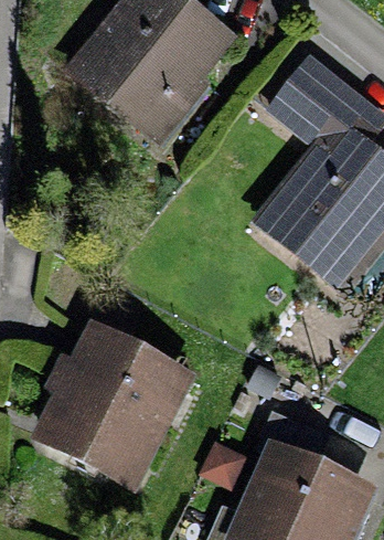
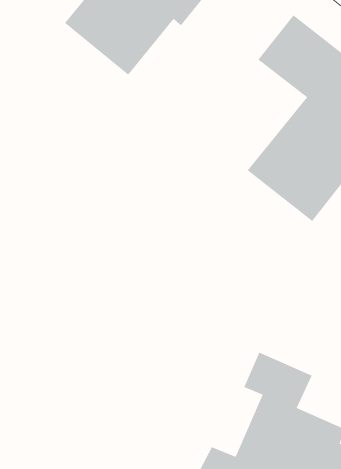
building: [44,339,184,486] -> none

